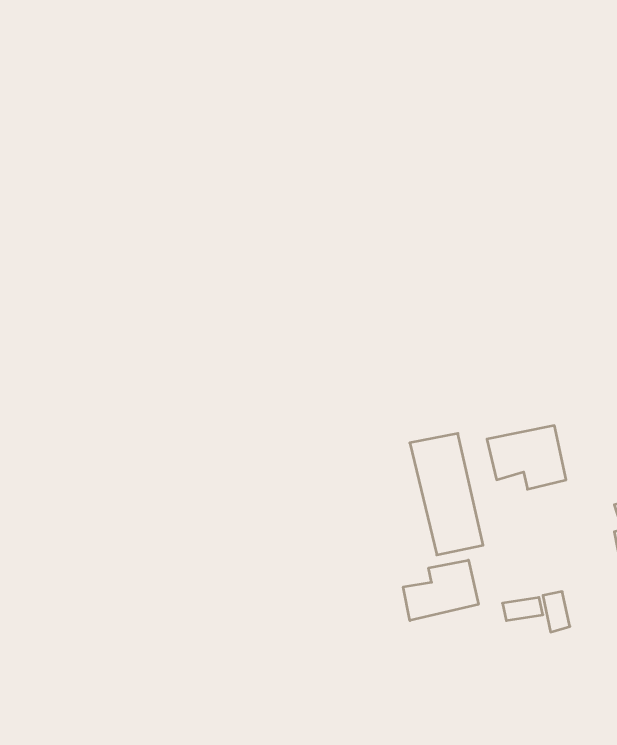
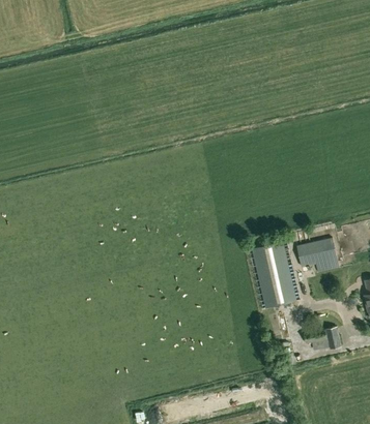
building: [403,560,478,621] -> none

